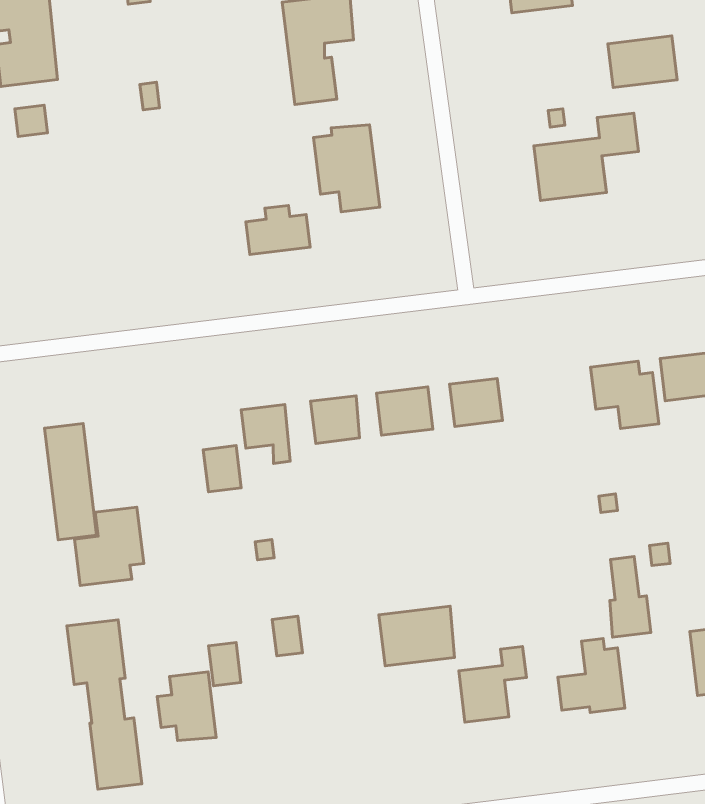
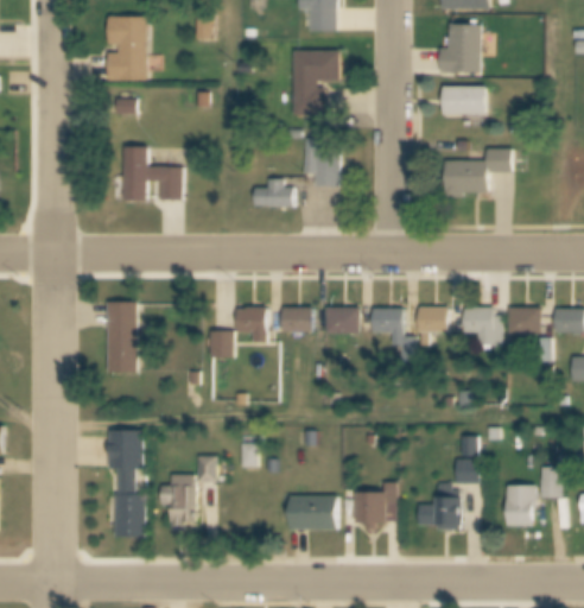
building: [608,36,677,88] -> [443,88,484,116]
building: none -> [123,145,182,203]
building: none -> [418,308,449,335]
building: [74,507,144,586] -> none
building: [379,606,455,666] -> [290,495,336,528]

